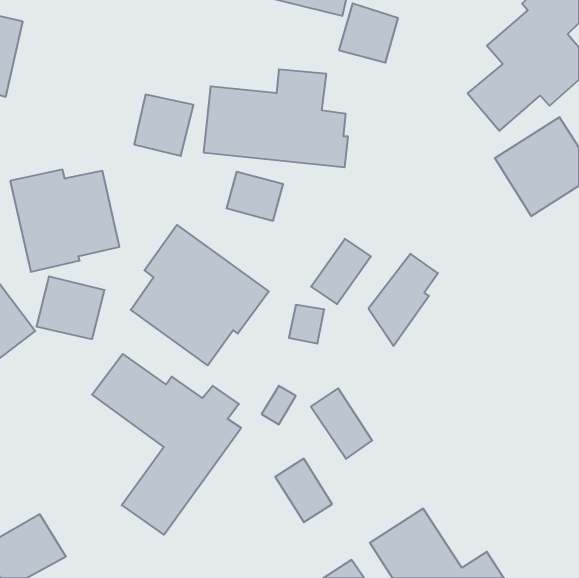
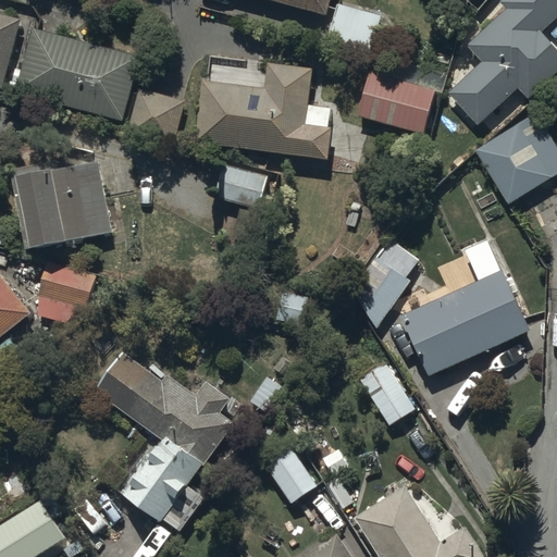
building: none -> [16,29,139,125]
building: none -> [355,70,437,139]
building: [131,225,269,365] -> none
building: [311,239,371,304] -> none
building: none -> [396,240,530,380]
building: [311,388,372,459] -> [357,361,416,429]

